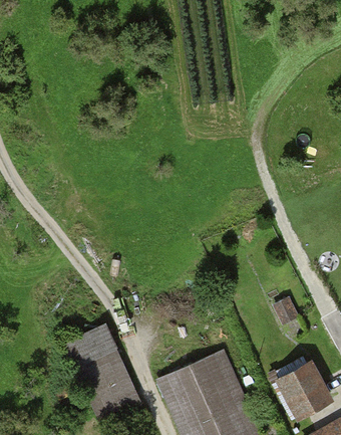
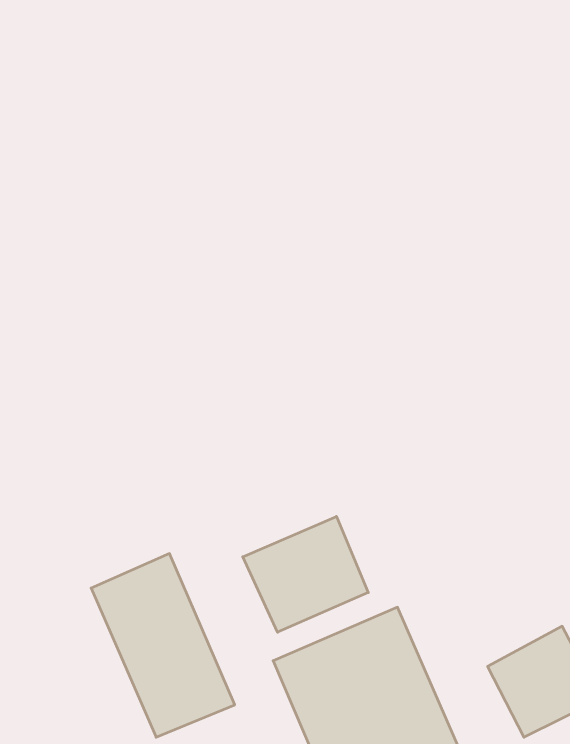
building: none -> [243,516,368,632]

